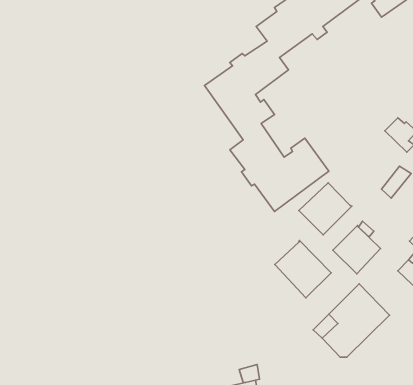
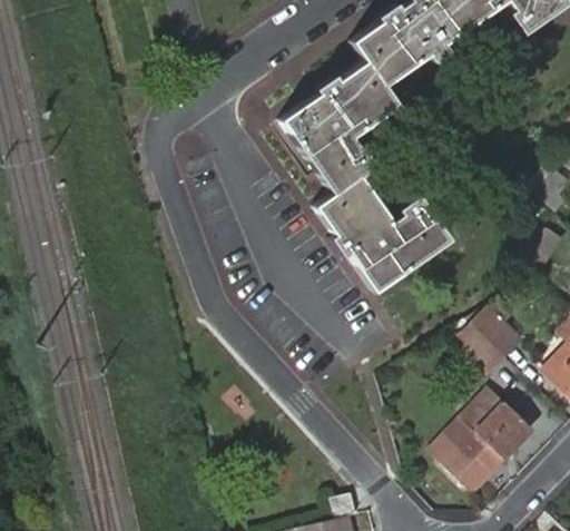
building: [299,183,352,235] -> none
building: [275,240,331,298] -> none

